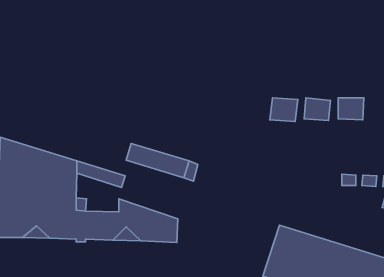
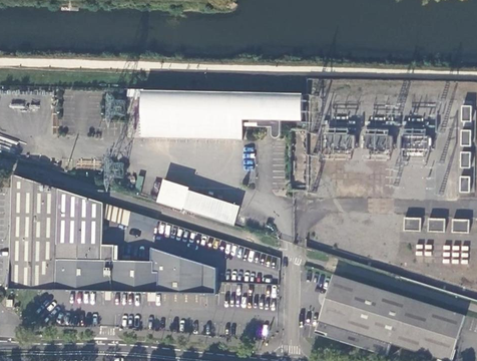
building: none -> [125,88,301,139]

